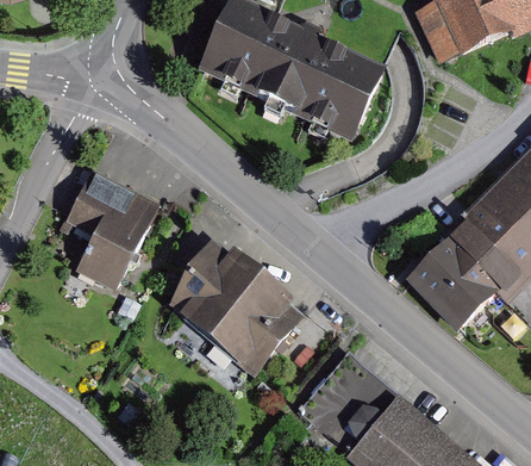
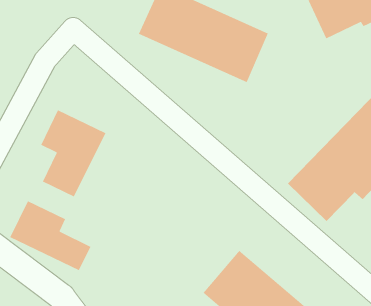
building: [171,244,304,379] -> none
building: none -> [9,200,91,271]

